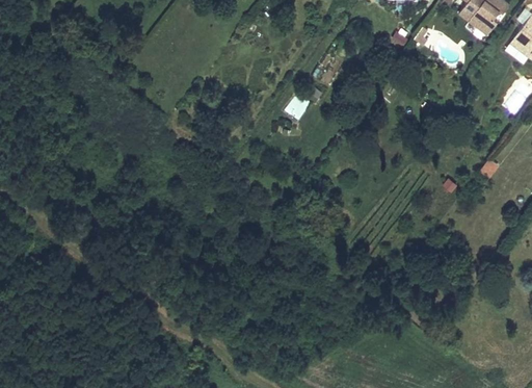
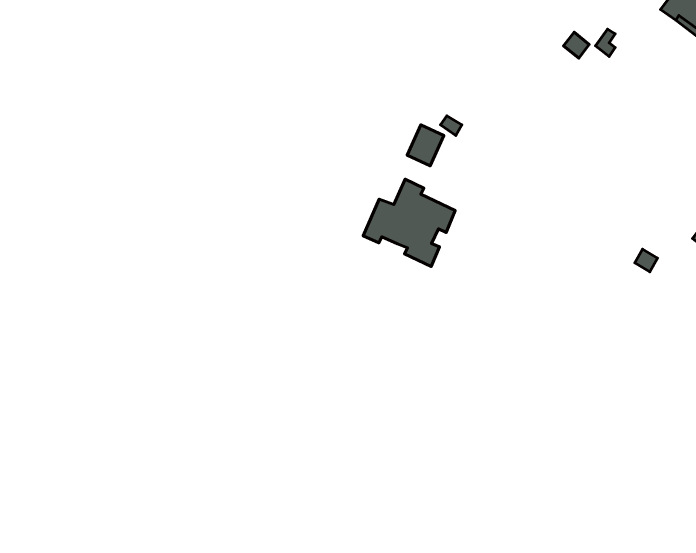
building: none -> [363,179,455,266]

